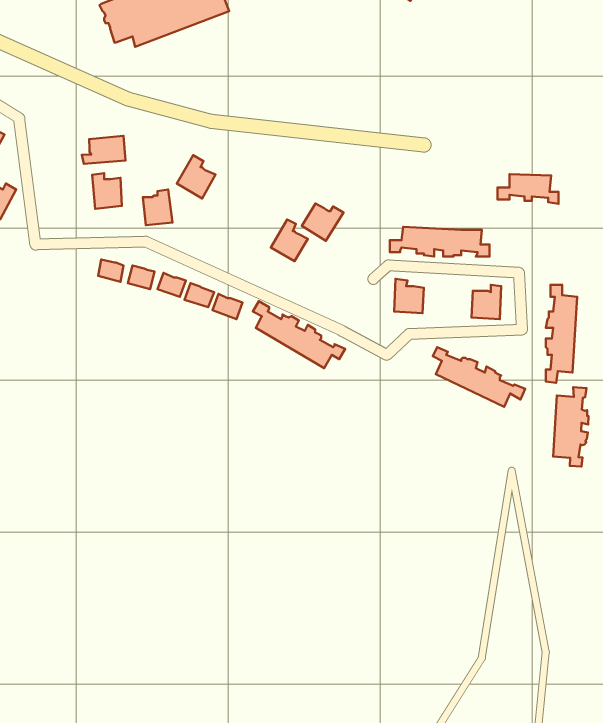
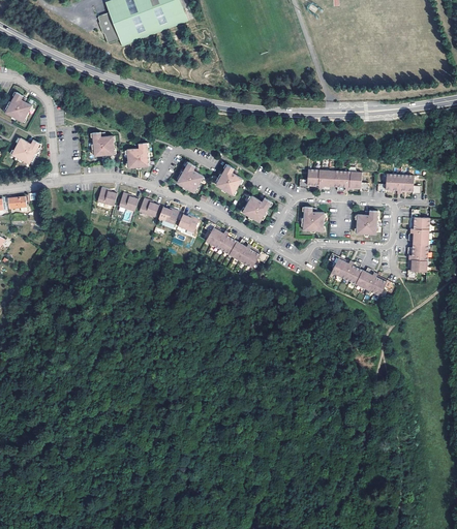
building: [82,136,126,164] -> none
building: [177,155,215,198] -> [177,161,204,191]
building: [498,174,559,204] -> [377,174,420,194]
building: [302,204,344,241] -> [243,195,272,221]
building: [553,387,589,467] -> none

